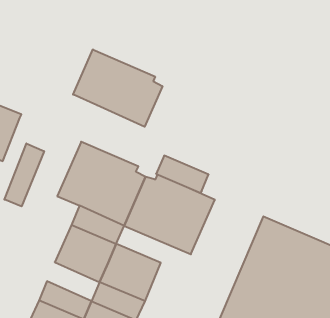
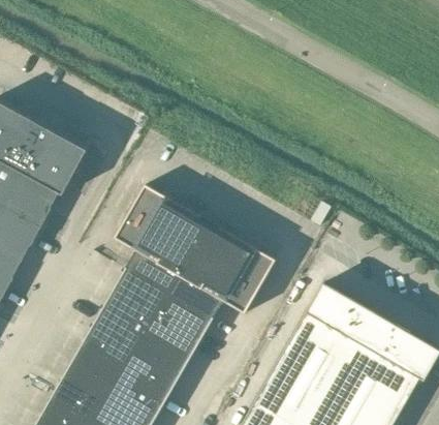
building: [73,49,162,127] -> none
building: [4,143,44,206] -> none
building: [156,156,209,193] -> [168,276,222,318]
building: none -> [93,305,147,350]

